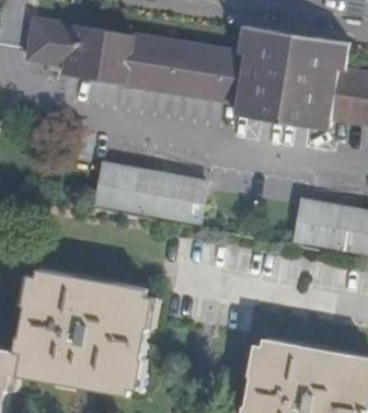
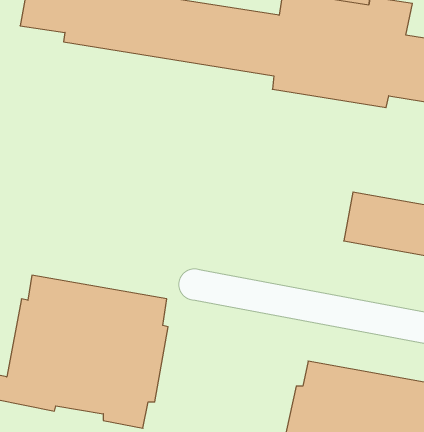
building: [94,162,203,221] -> none

